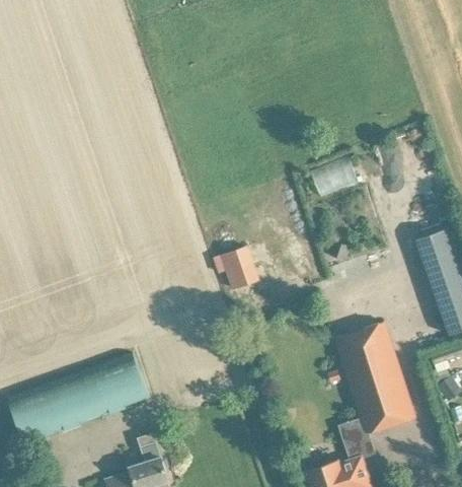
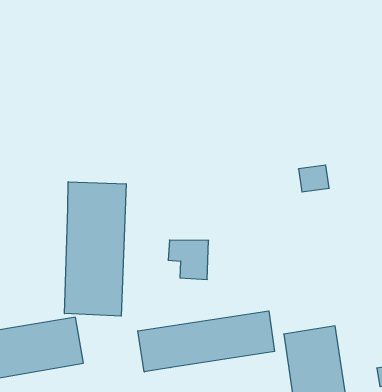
building: none -> [65,182,126,316]
building: none -> [138,311,275,372]

